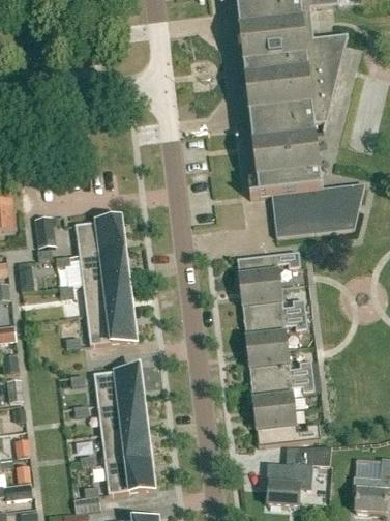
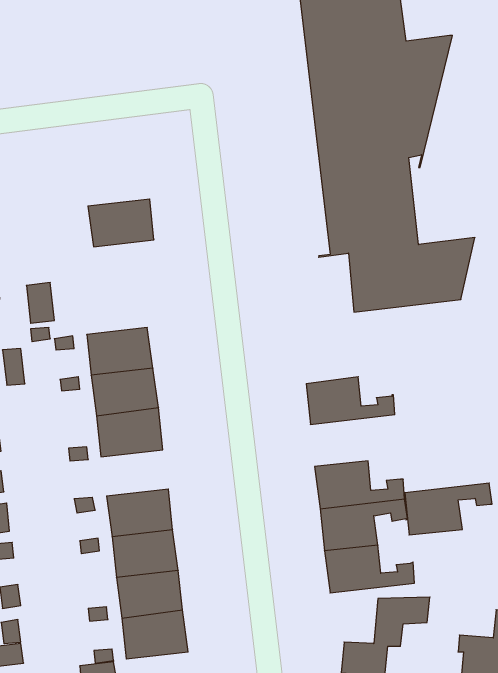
building: [76,219,124,254] -> [88,199,154,247]
building: [237,251,301,290] -> none
building: [244,313,308,351] -> [405,483,492,535]

